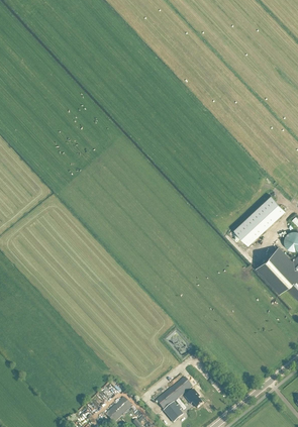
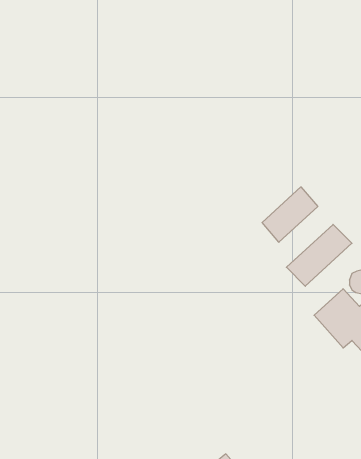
building: none -> [262,187,318,242]

